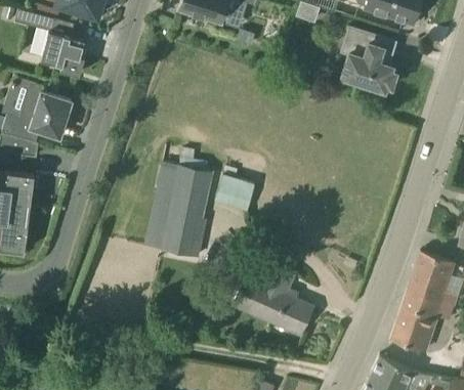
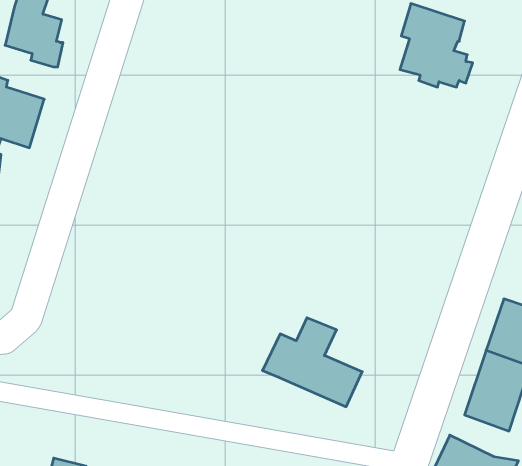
building: [145,164,211,258] -> none
building: [214,169,254,213] -> none

